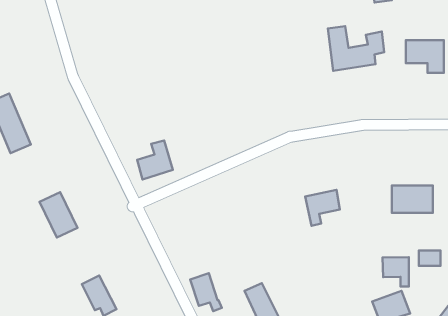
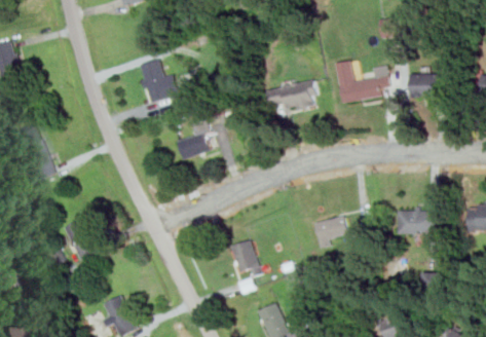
building: none -> [138,60,167,102]
building: none -> [266,77,317,113]
building: [137,140,173,179] -> [177,122,211,159]
building: [382,257,409,287] -> none
building: [190,273,222,311] -> [229,241,259,277]

